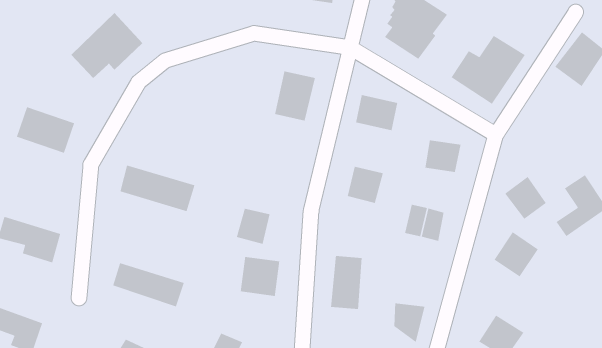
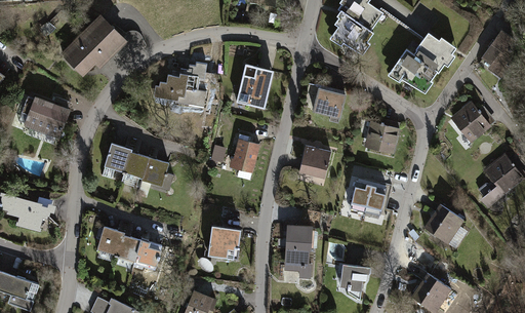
building: none -> [149,61,202,106]
building: [504,176,547,220] -> [451,105,488,143]
building: [236,208,270,245] -> [229,140,258,171]

